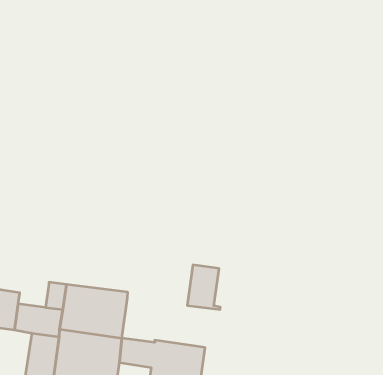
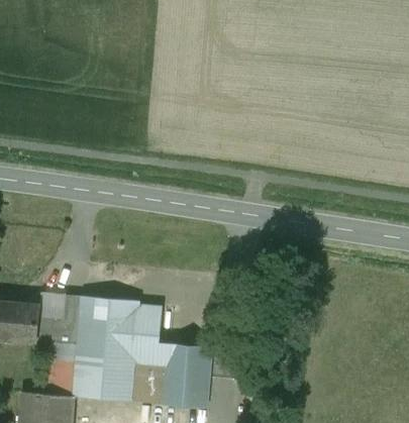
building: [187,265,220,309] -> [135,306,166,345]
building: none -> [38,293,66,319]

